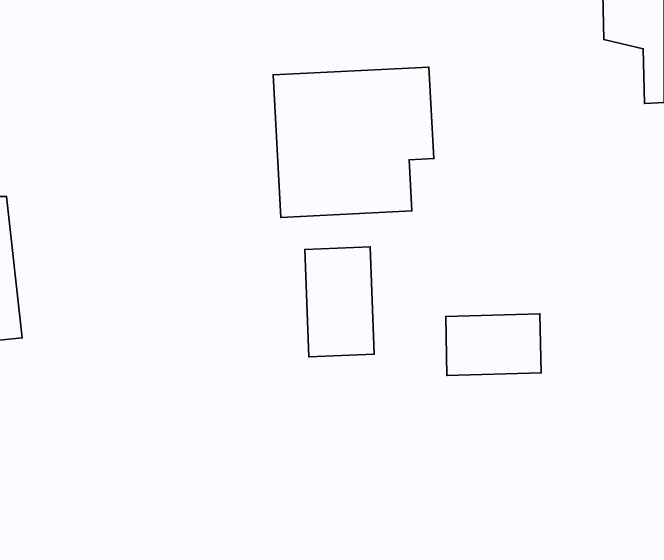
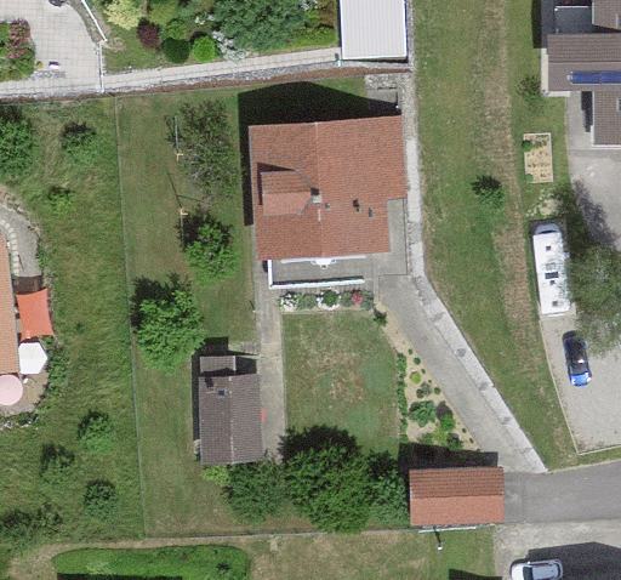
building: [305,247,374,357] -> [199,362,263,464]
building: [446,314,541,375] -> [414,470,502,527]

